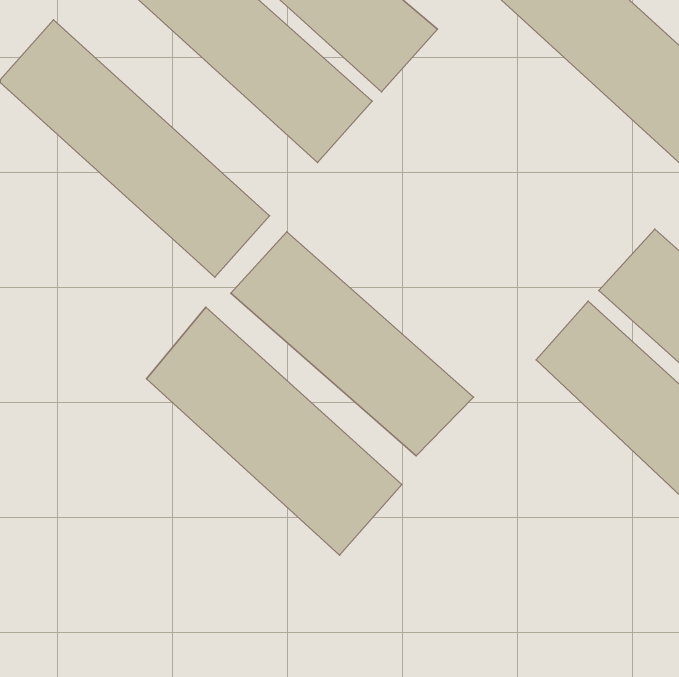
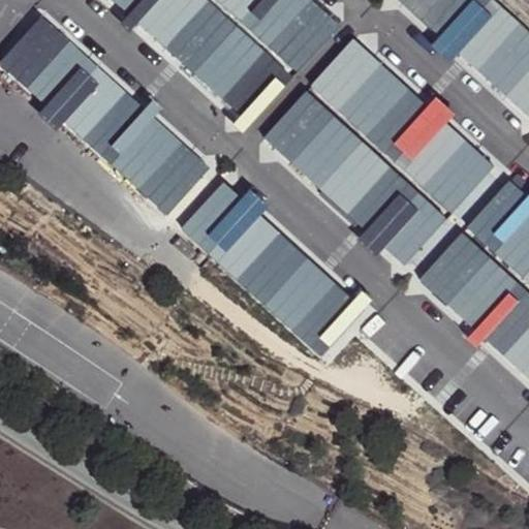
building: none -> [311,35,496,213]
building: none -> [259,91,446,267]
building: [146,307,402,555] -> none

